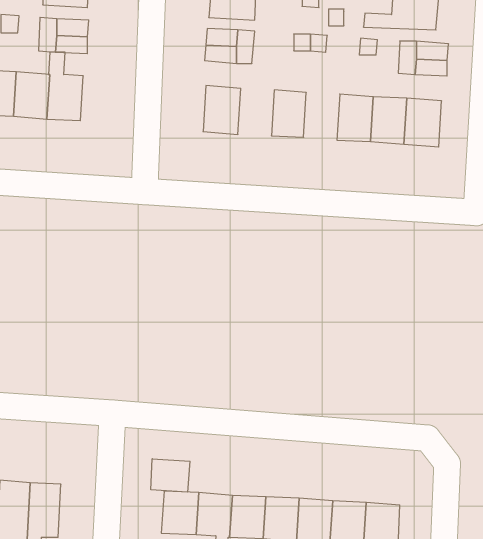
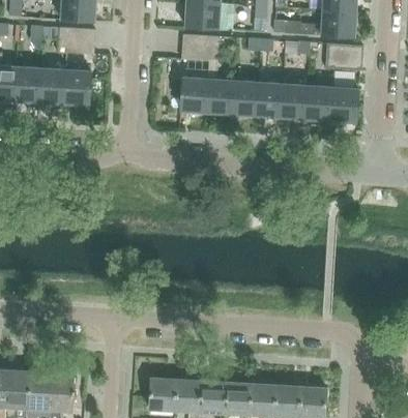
building: none -> [206,80,233,115]
building: none -> [255,83,282,118]
building: [151,459,190,492] -> none

